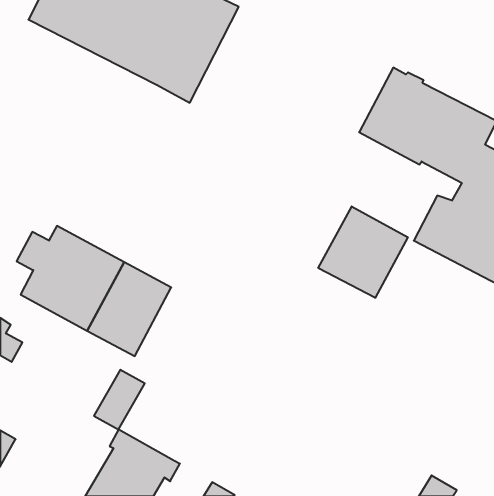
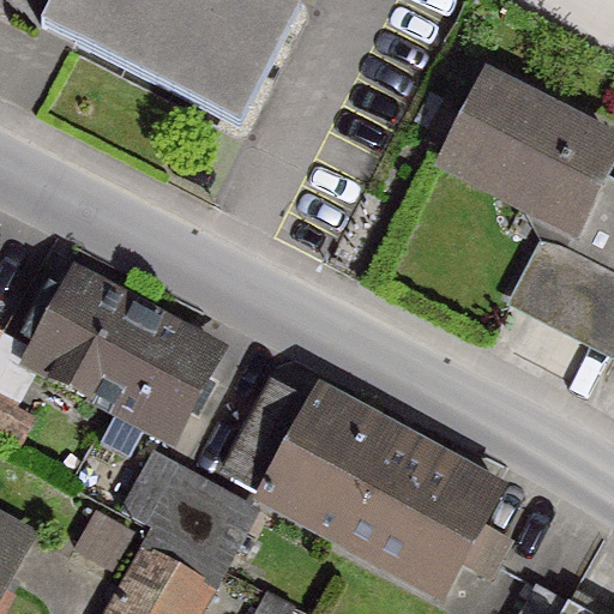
building: [318,206,408,298] -> none
building: none -> [231,387,510,591]
building: none -> [152,470,252,565]

